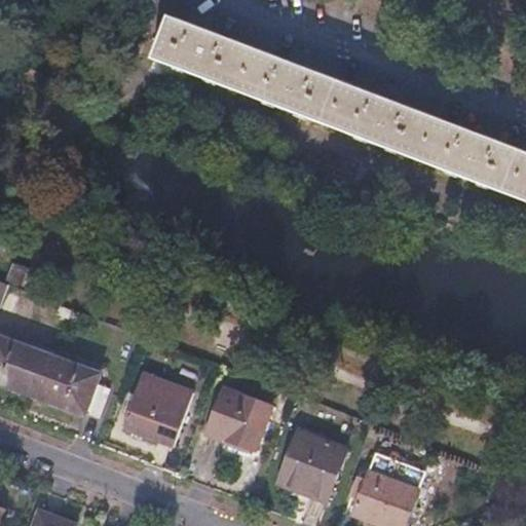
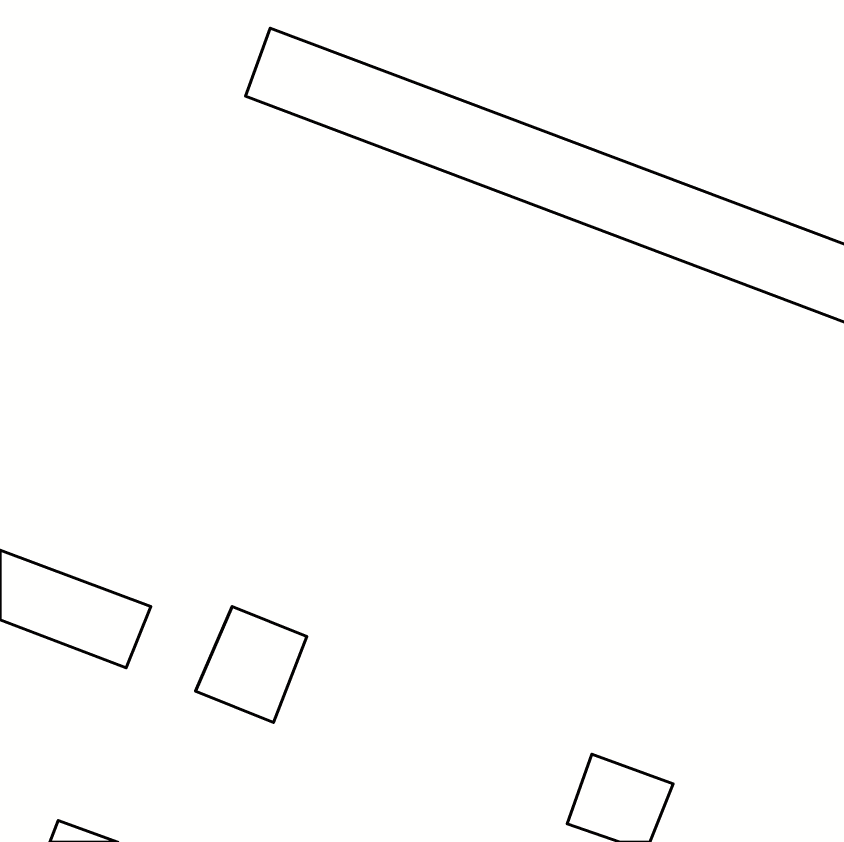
building: [205,388,270,449] -> none
building: [275,422,347,495] -> none

